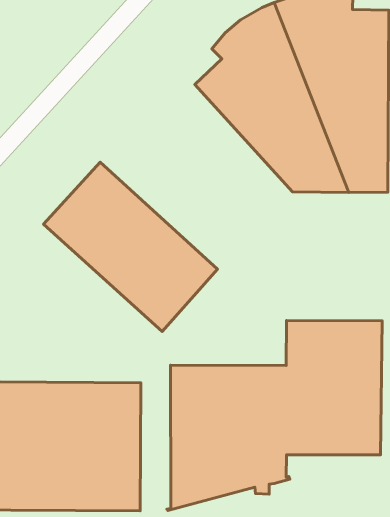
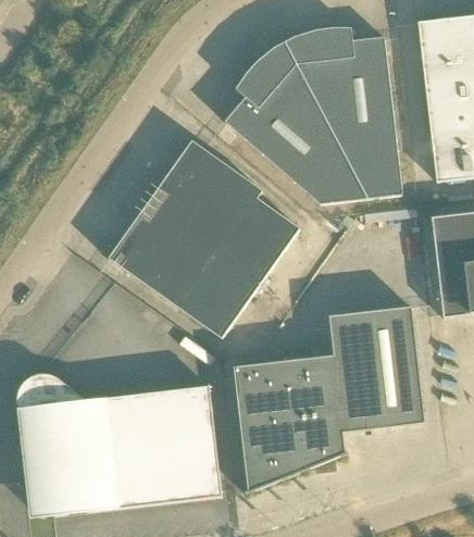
building: none -> [150,139,300,278]

